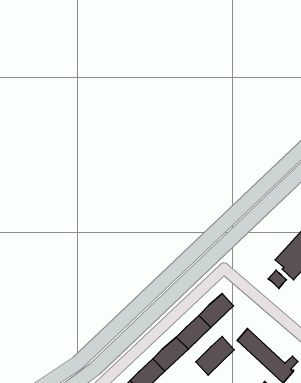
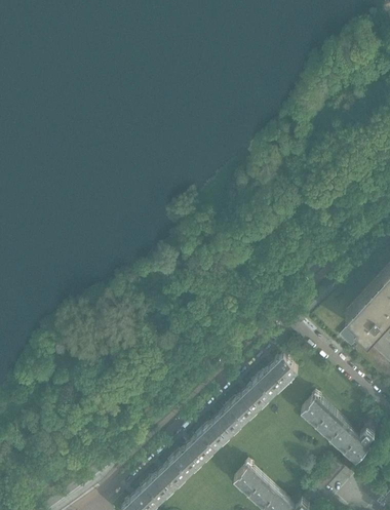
building: [196,337,234,375] -> none

